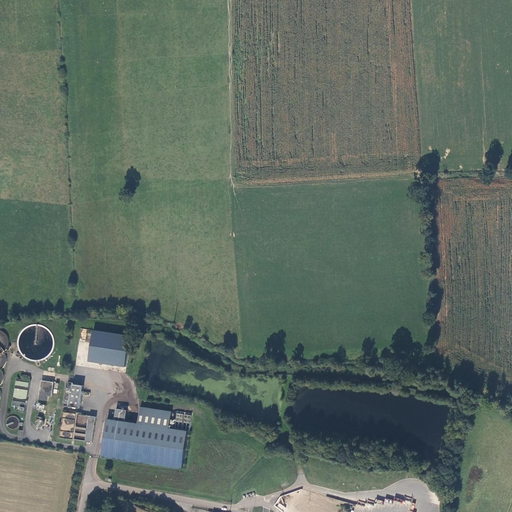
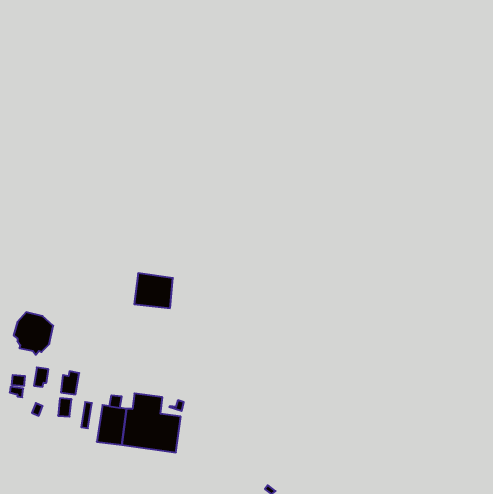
building: [86,330,126,366] -> [134,273,173,308]

